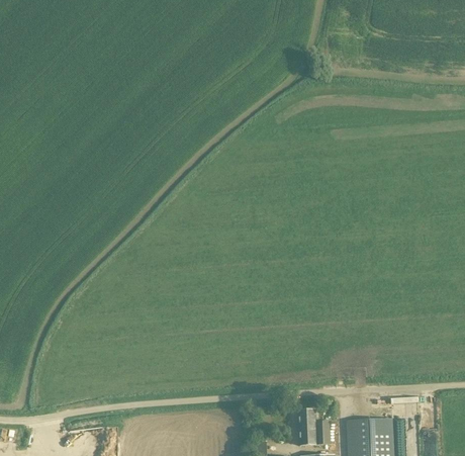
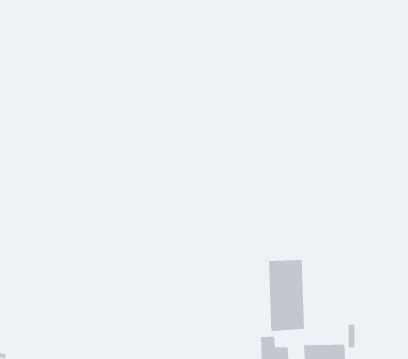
building: none -> [268,259,305,332]

